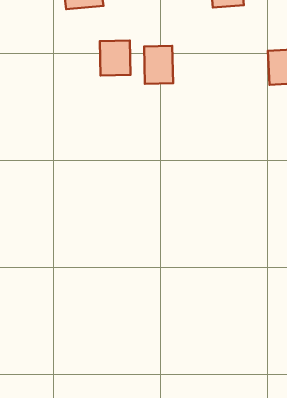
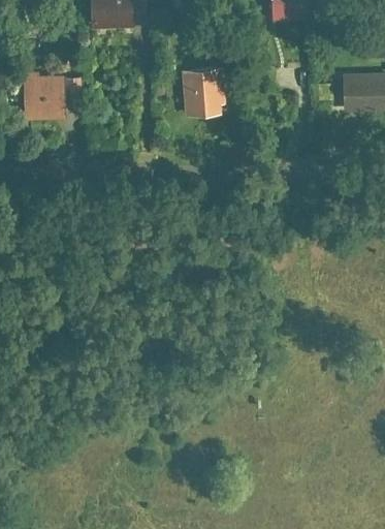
building: [100,40,131,76] -> none
building: none -> [23,69,65,115]

